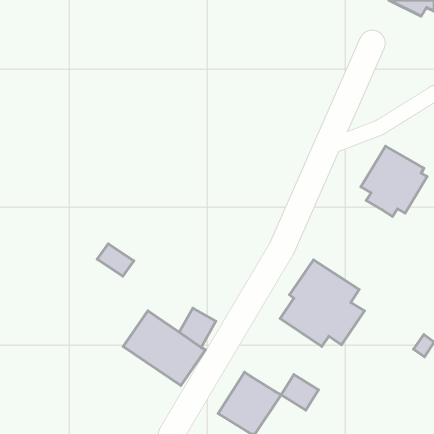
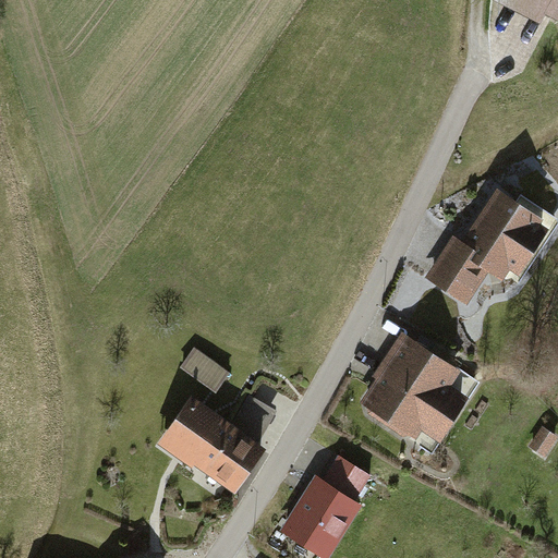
building: none -> [427,234,490,303]
building: [97,244,134,276] -> [179,349,226,390]
building: [281,375,318,410] -> [322,457,369,502]

